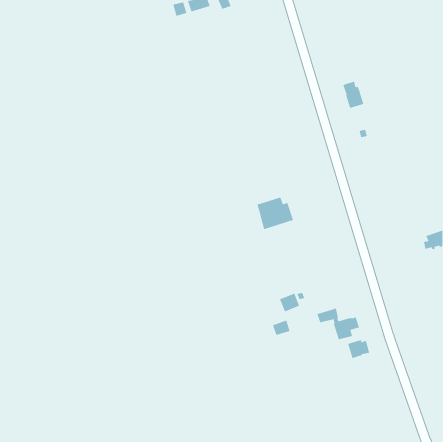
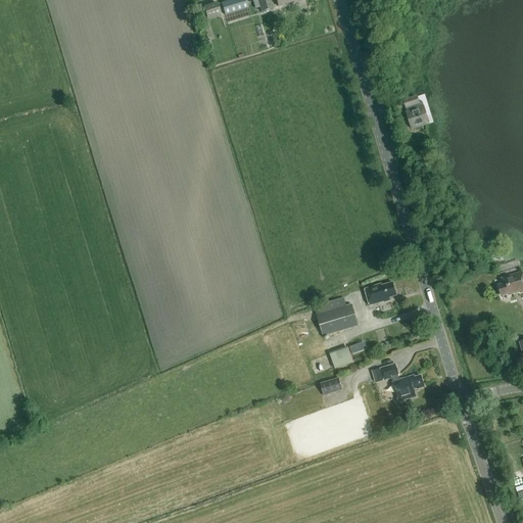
building: [257,197,294,230] -> [315,297,359,336]
building: none -> [365,282,396,304]
building: [347,340,370,359] -> none

